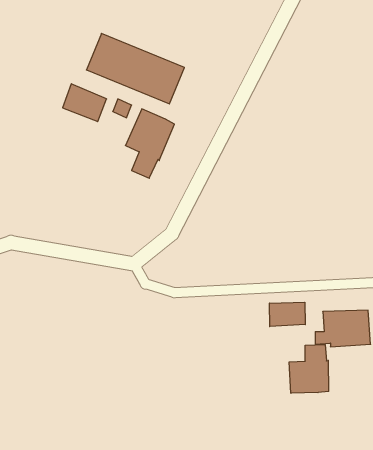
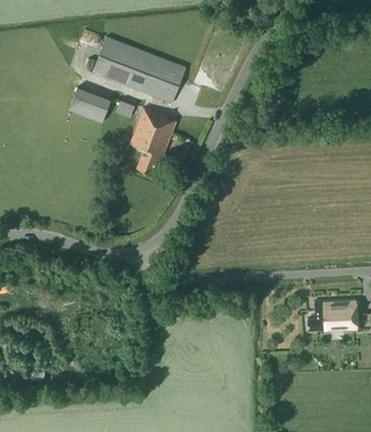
building: [270,302,305,327] -> none
building: [289,345,329,393] -> none

